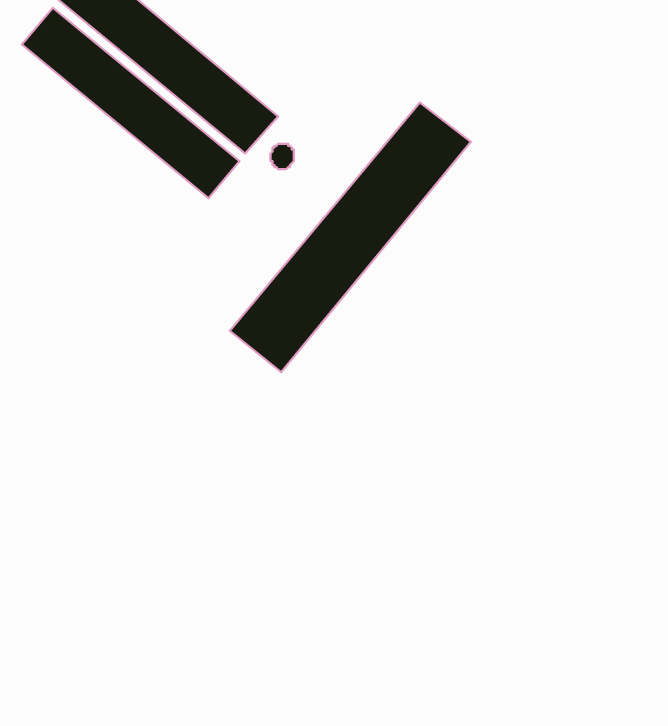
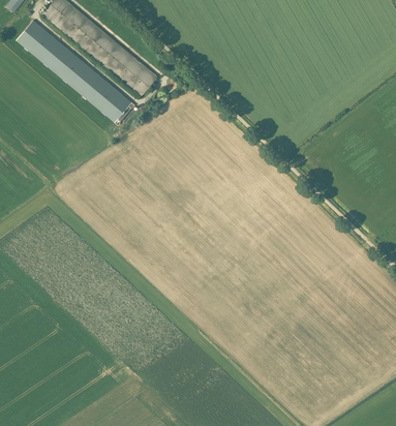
building: [230,103,471,372] -> none

